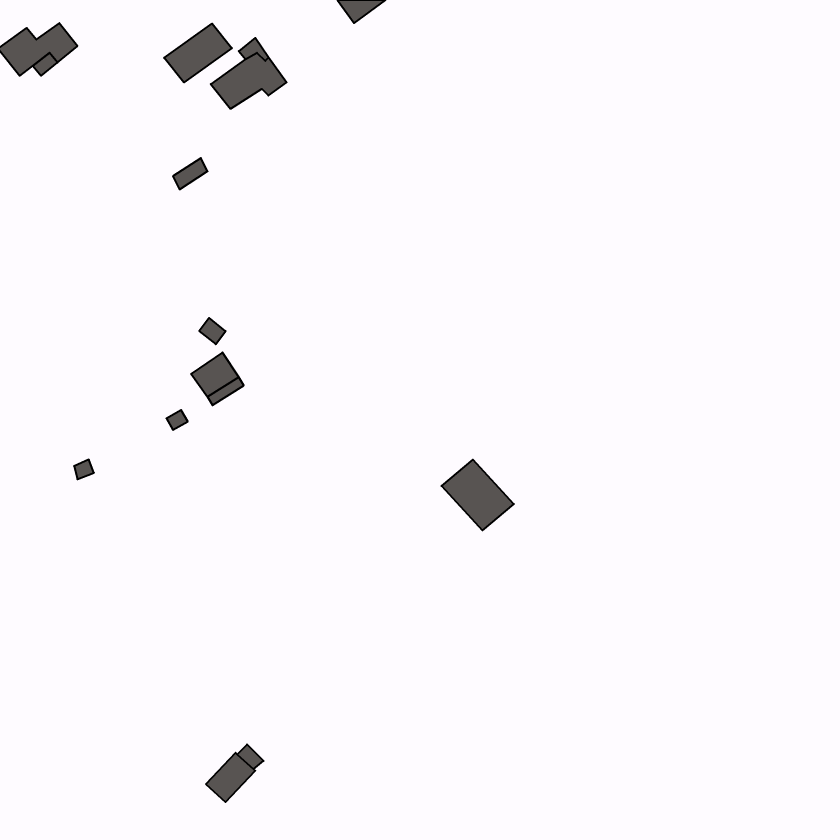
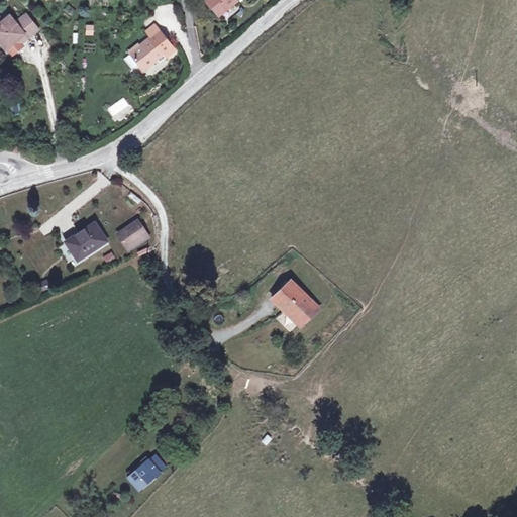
building: [164,24,232,82] -> none
building: none -> [67,223,106,260]

